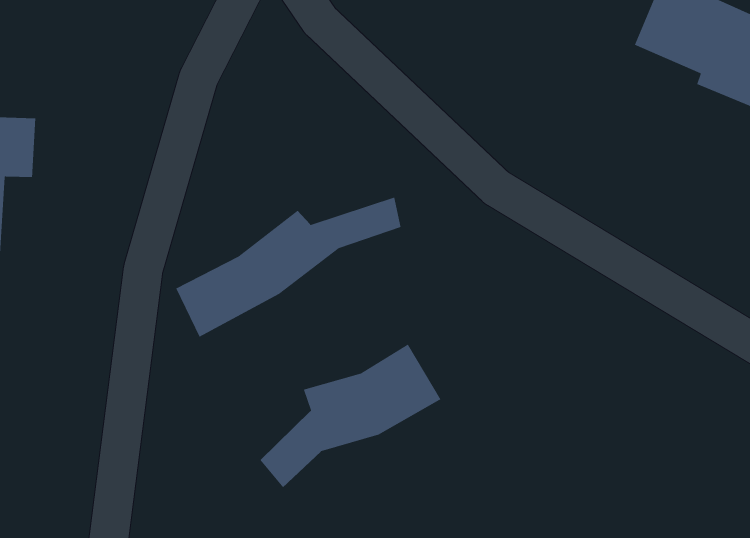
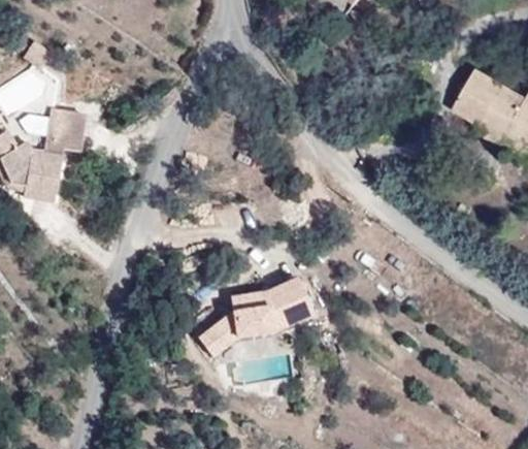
building: [175,196,402,338] -> none

